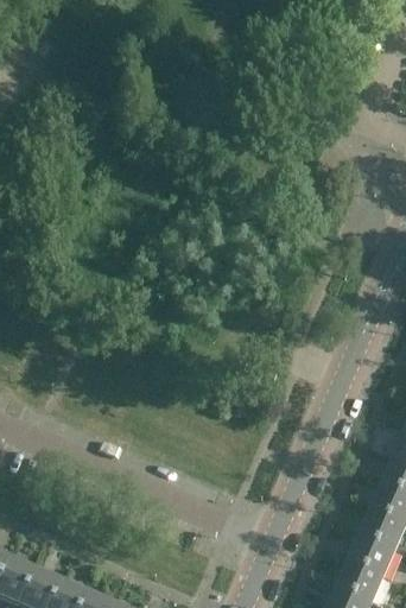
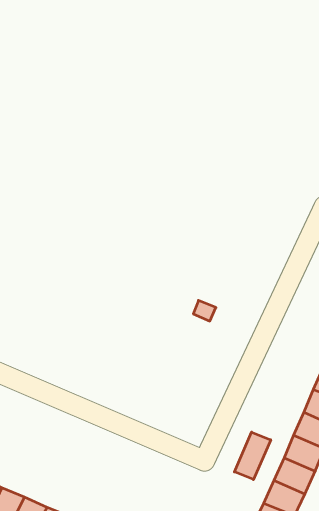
building: none -> [234,432,271,480]

